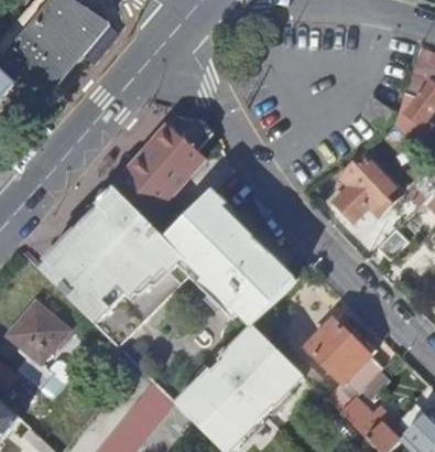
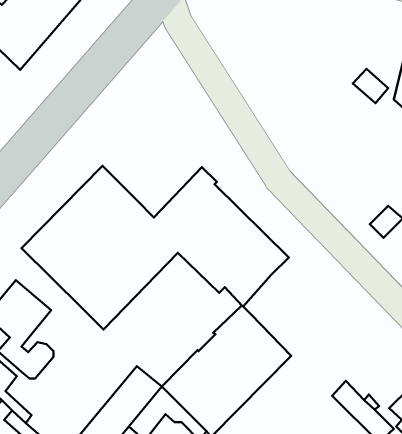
building: [116,115,214,223] -> none
building: [333,152,402,220] -> none
building: [306,320,381,411] -> none

